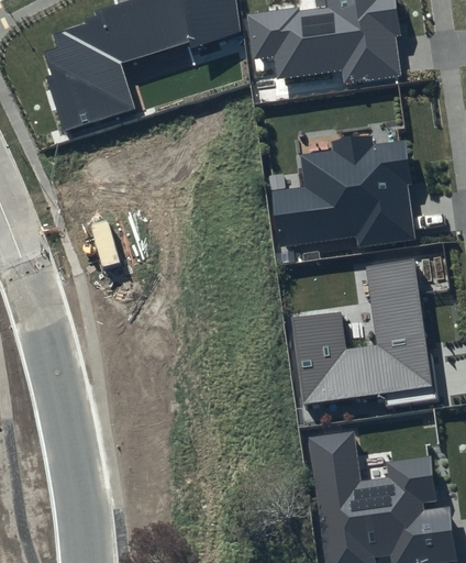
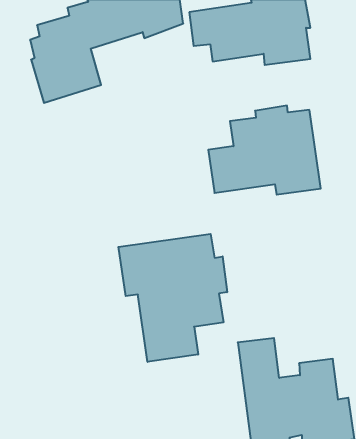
building: [291,257,432,404] -> none
building: none -> [118,234,227,362]

